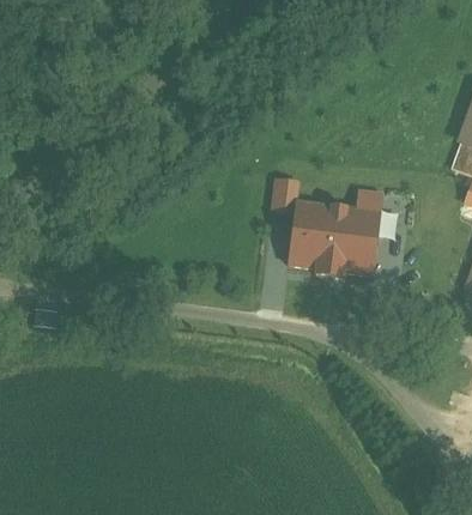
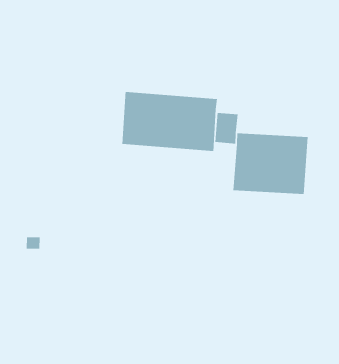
building: none -> [122,91,217,152]

